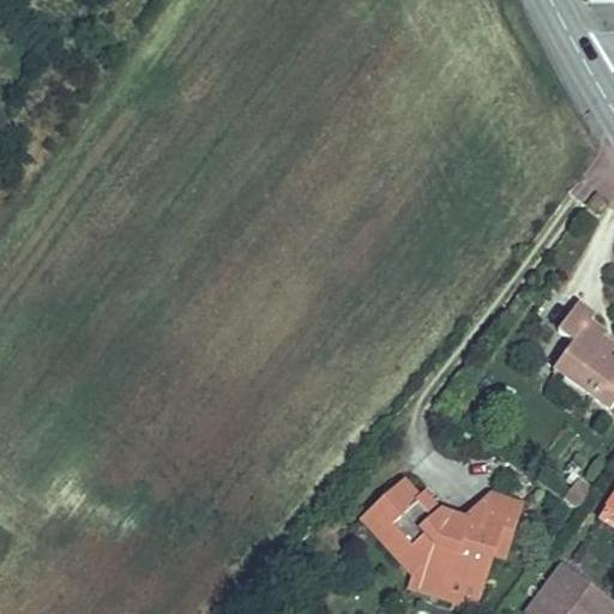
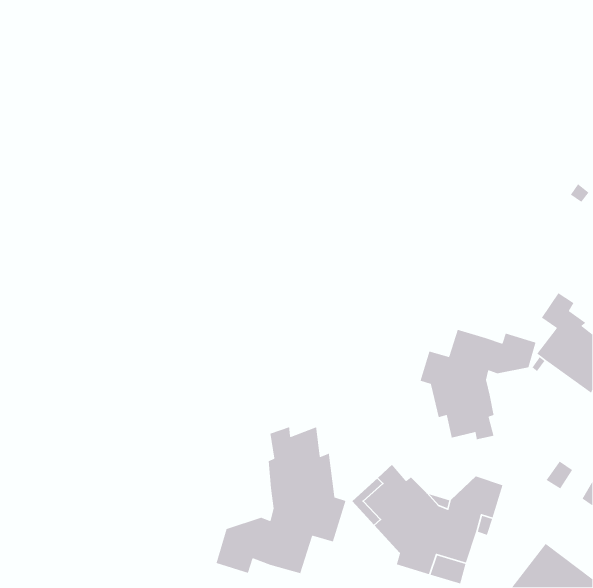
building: none -> [419,329,536,440]
building: none -> [216,426,346,574]

